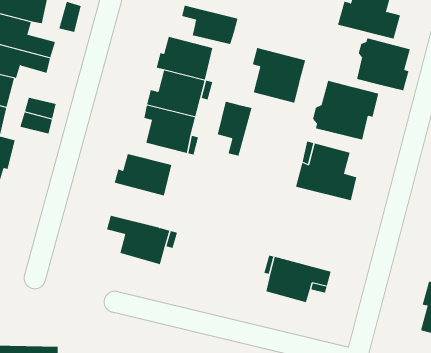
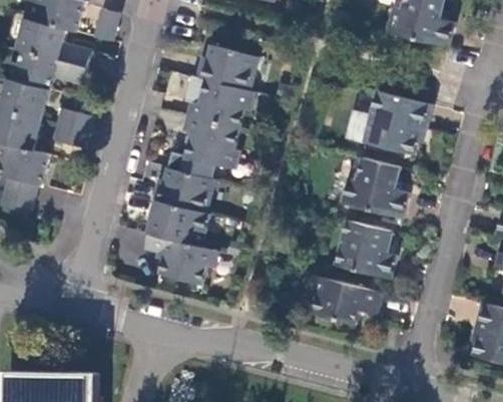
building: [181,5,238,45] -> none
building: [356,37,410,91] -> none
building: [252,47,306,103] -> none
building: [217,101,252,157] -> none
building: none -> [148,198,209,246]
building: none -> [337,219,397,279]

